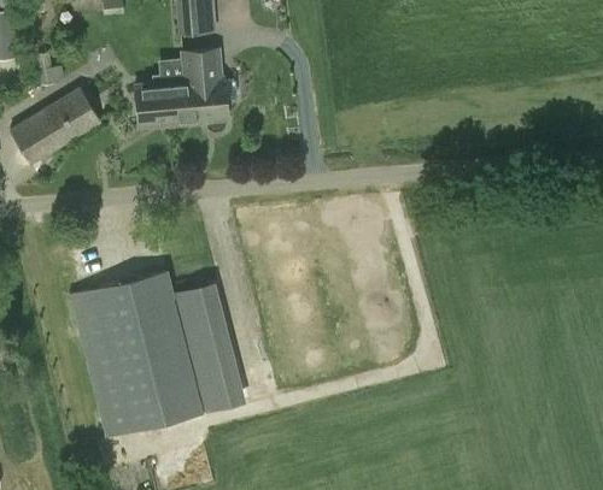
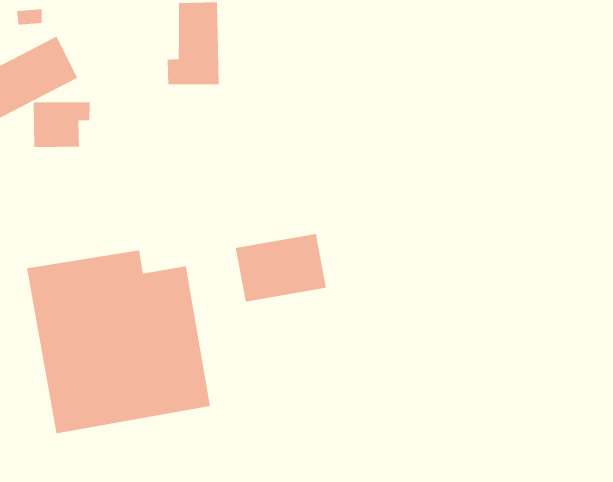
building: [136,82,188,126] -> [33,101,90,148]
building: none -> [235,233,327,303]

